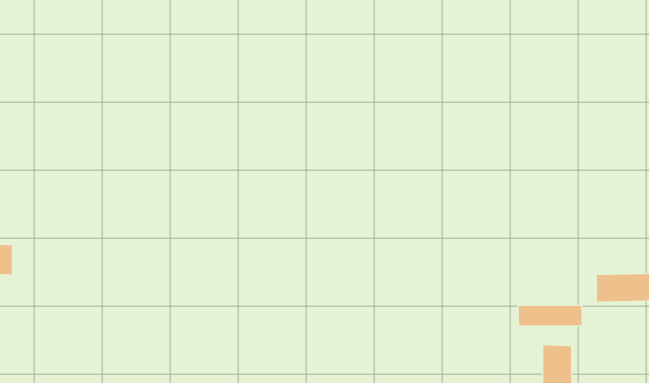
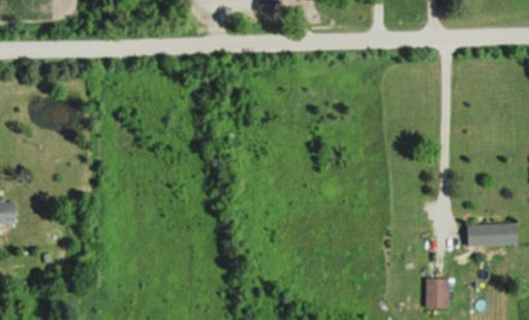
building: [518,305,582,326] -> none

